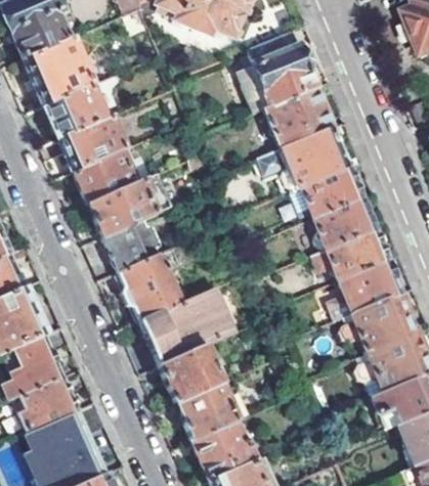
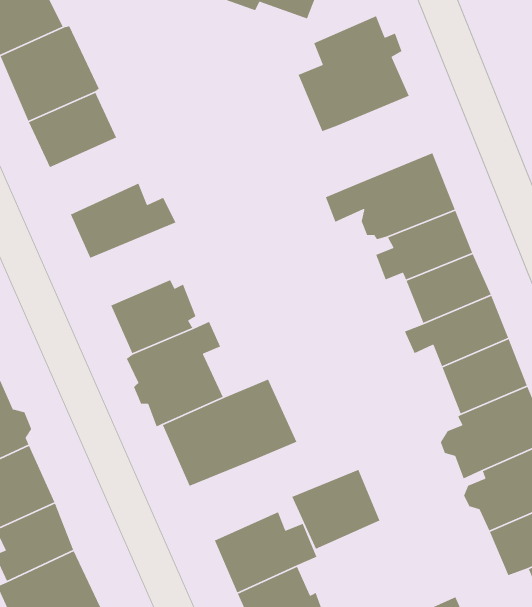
building: [263,87,331,148] -> none
building: [58,115,126,171] -> none
building: [87,174,161,235] -> none
building: [158,345,221,402] -> [291,469,380,550]

